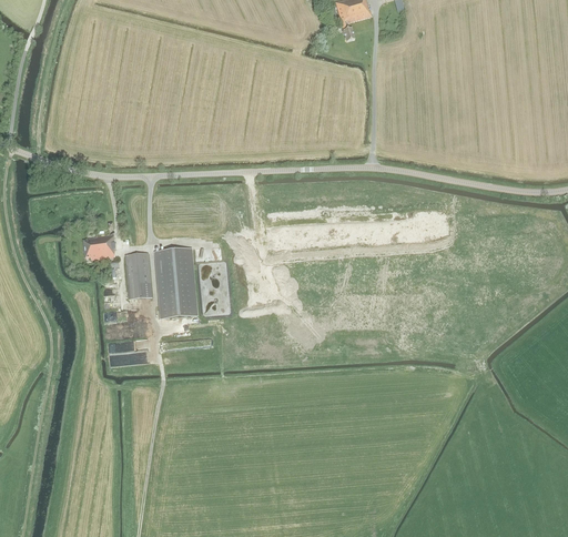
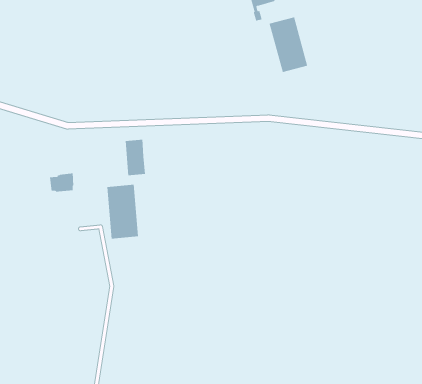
building: none -> [269,17,308,73]
building: [125,252,152,298] -> [125,139,146,176]

